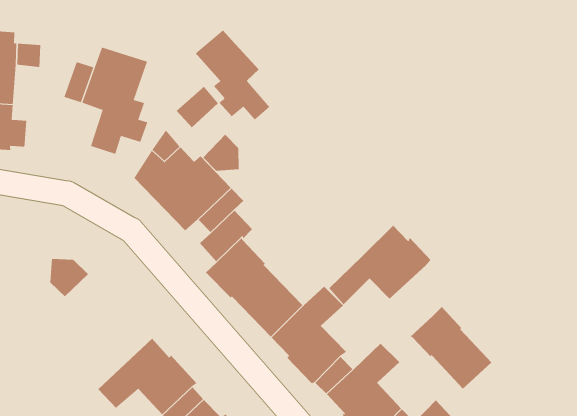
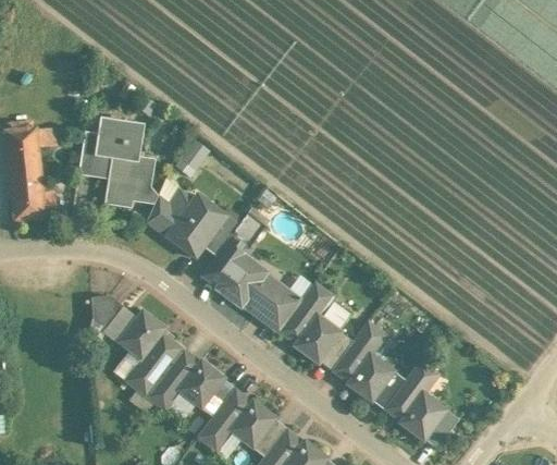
building: [195,30,270,120] -> none
building: [202,134,239,172] -> none
building: [328,225,431,305] -> none
building: none -> [117,309,184,397]
building: [410,306,492,389] -> none

